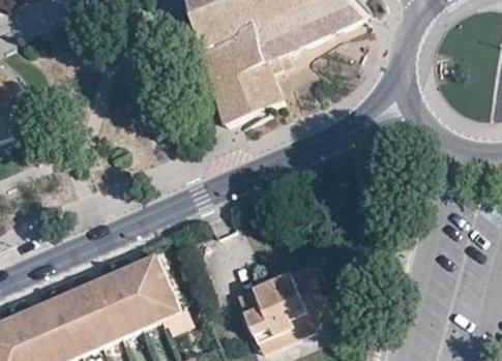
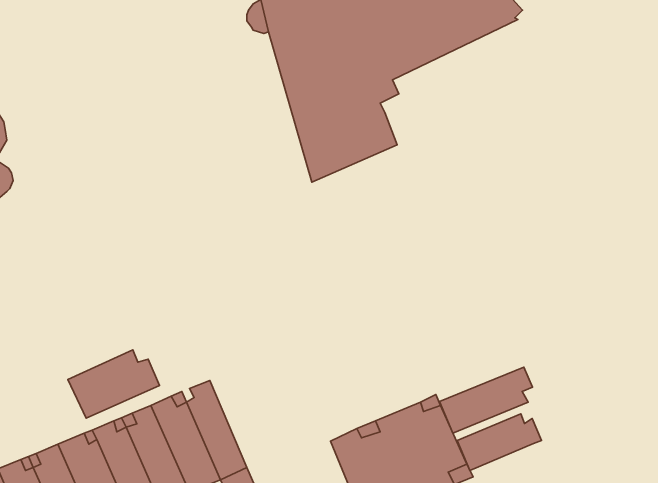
building: none -> [68,350,160,418]
building: none -> [439,367,533,433]
building: none -> [457,414,542,470]

